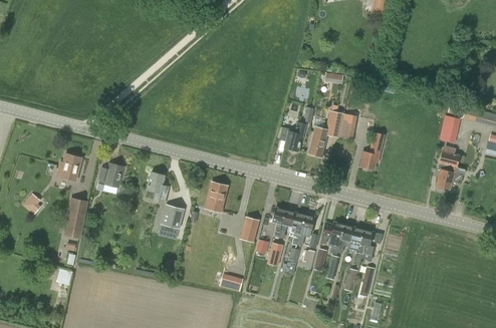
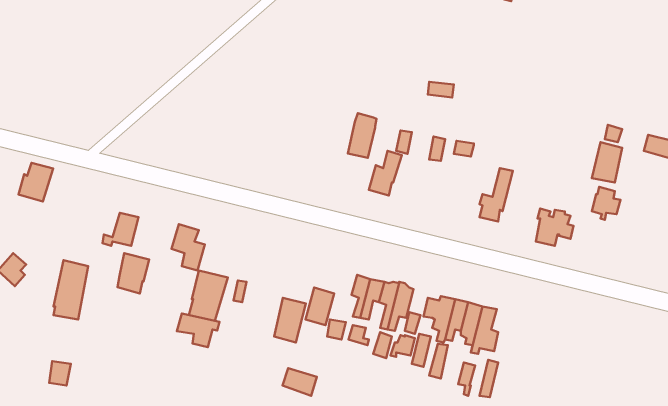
building: [307,125,327,156] -> [348,113,377,158]
building: [57,153,81,181] -> [19,163,53,202]
building: [436,162,462,189] -> [536,208,573,246]
building: [205,182,227,213] -> [274,298,306,342]
building: none -> [117,253,149,293]
building: none -> [177,313,220,347]

